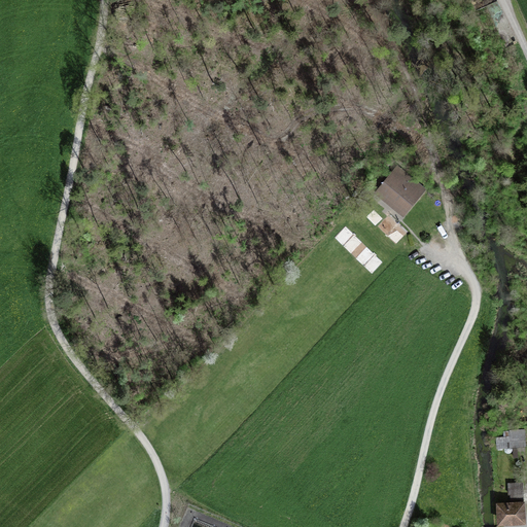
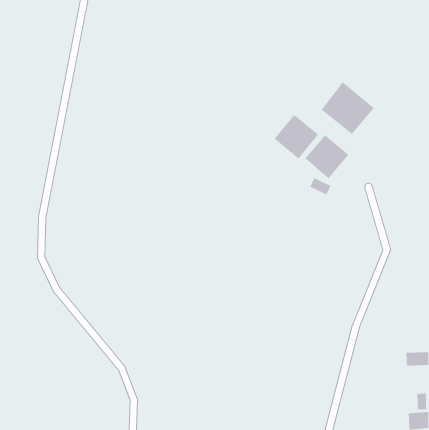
building: none -> [321,82,374,135]
building: none -> [274,114,319,159]

